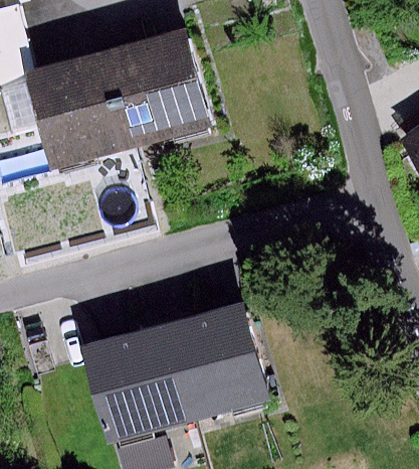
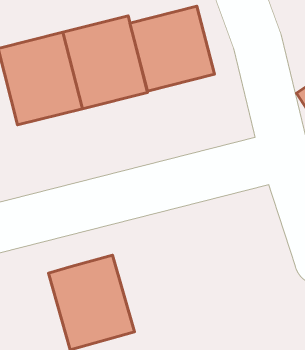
building: none -> [130,6,214,91]
building: [165,306,269,423] -> none

